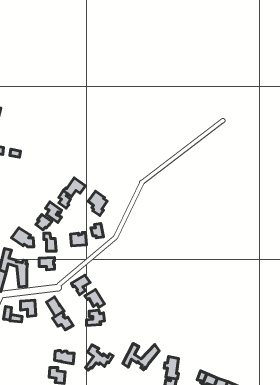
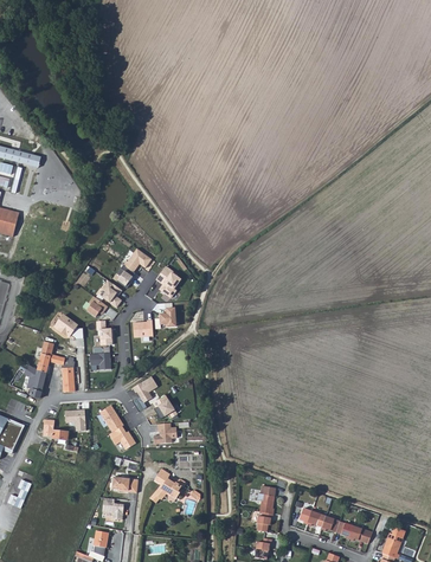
building: [123,343,159,370] -> none

